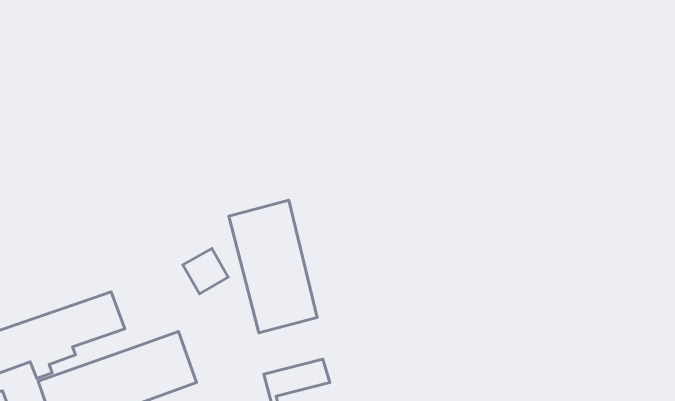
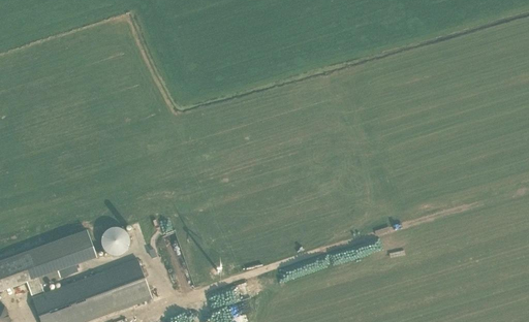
building: [229,200,317,333] -> none
building: [183,248,228,294] -> [97,221,131,255]

